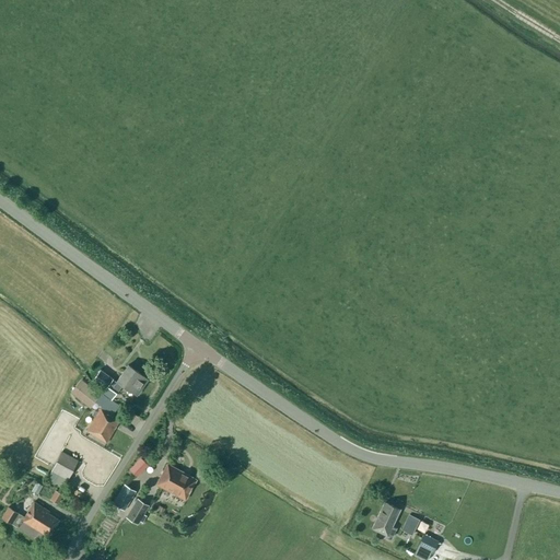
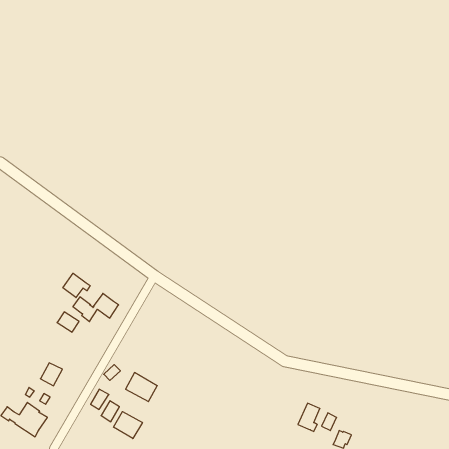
building: none -> [63,273,90,298]
building: [86,409,119,443] -> none
building: none -> [114,412,142,439]

